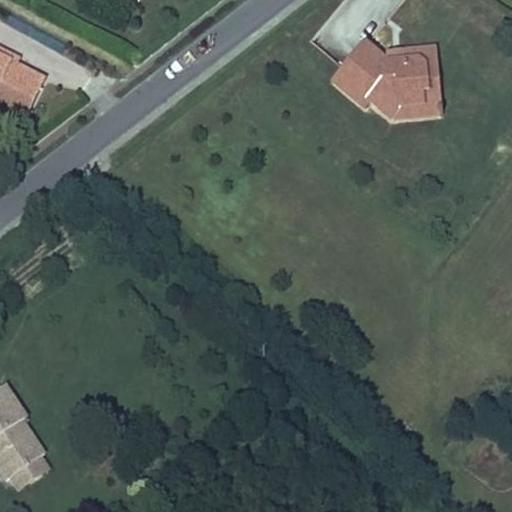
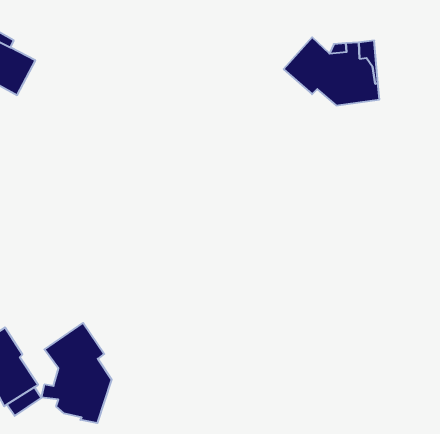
building: none -> [41,323,112,423]

